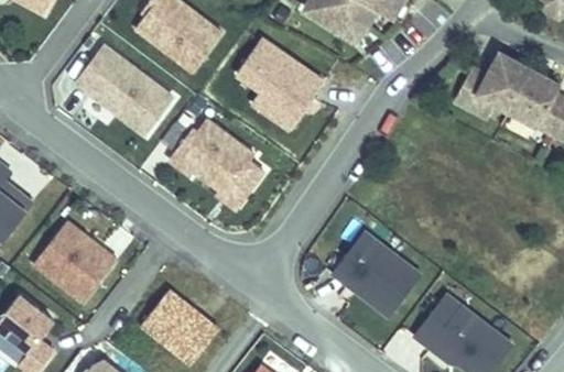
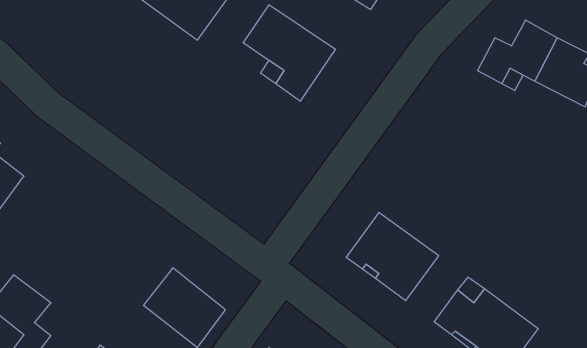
building: [75,47,173,135] -> none
building: [169,120,263,207] -> none
building: [33,217,117,298] -> none

